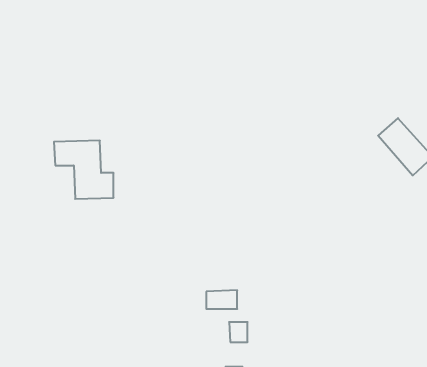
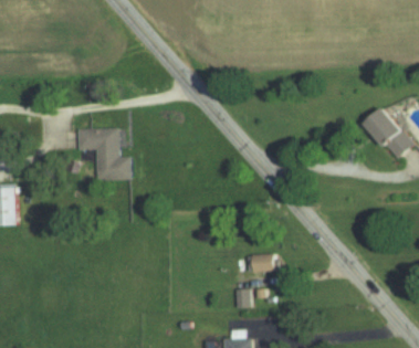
building: [206,290,237,309] -> [248,254,275,271]

